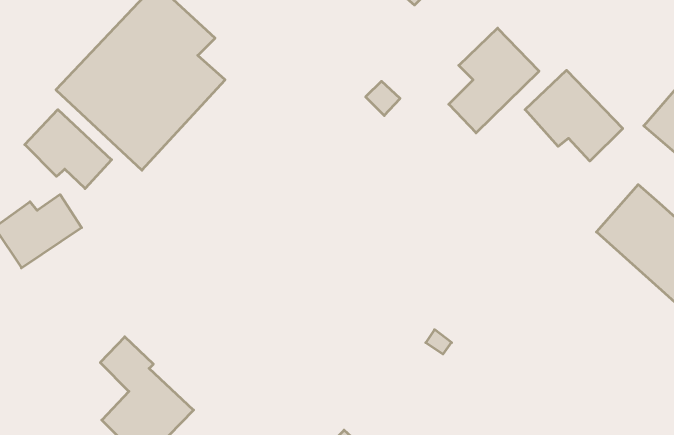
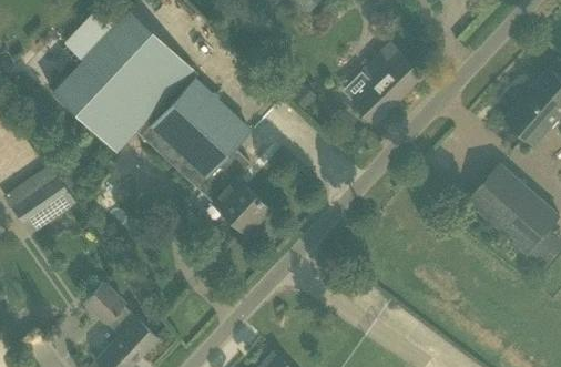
building: [525,70,623,161] -> none
building: none -> [137,77,268,233]
building: [25,110,112,189] -> none

